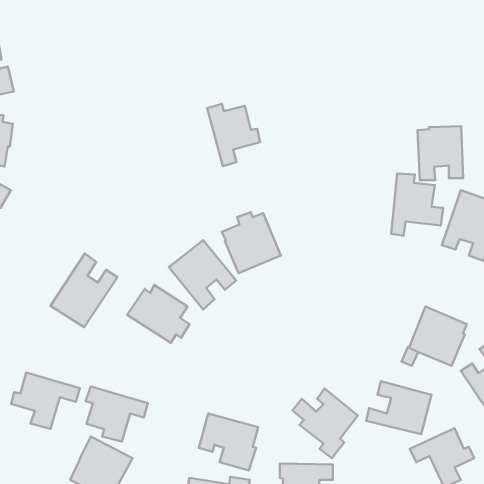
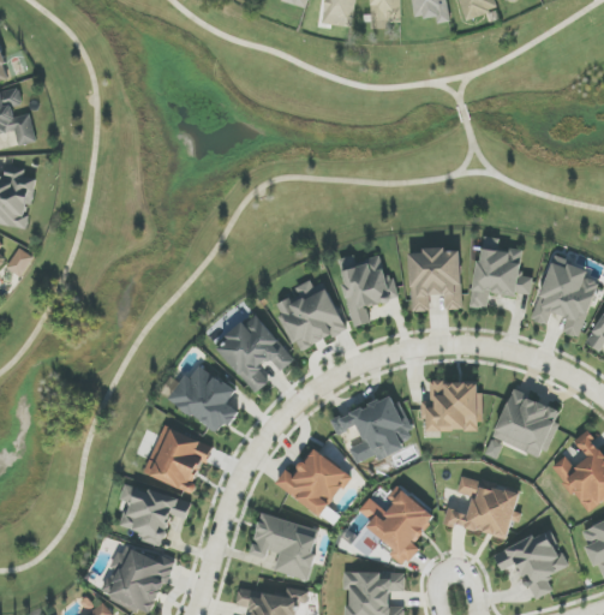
building: [207,104,260,166] -> [336,253,397,326]
building: [418,126,463,180] -> [408,247,461,310]
building: [50,253,117,327] -> none
building: none -> [420,380,479,430]
building: none -> [330,394,415,462]
building: none -> [144,424,210,491]
building: none -> [275,447,351,515]
building: [11,373,80,429] -> none

